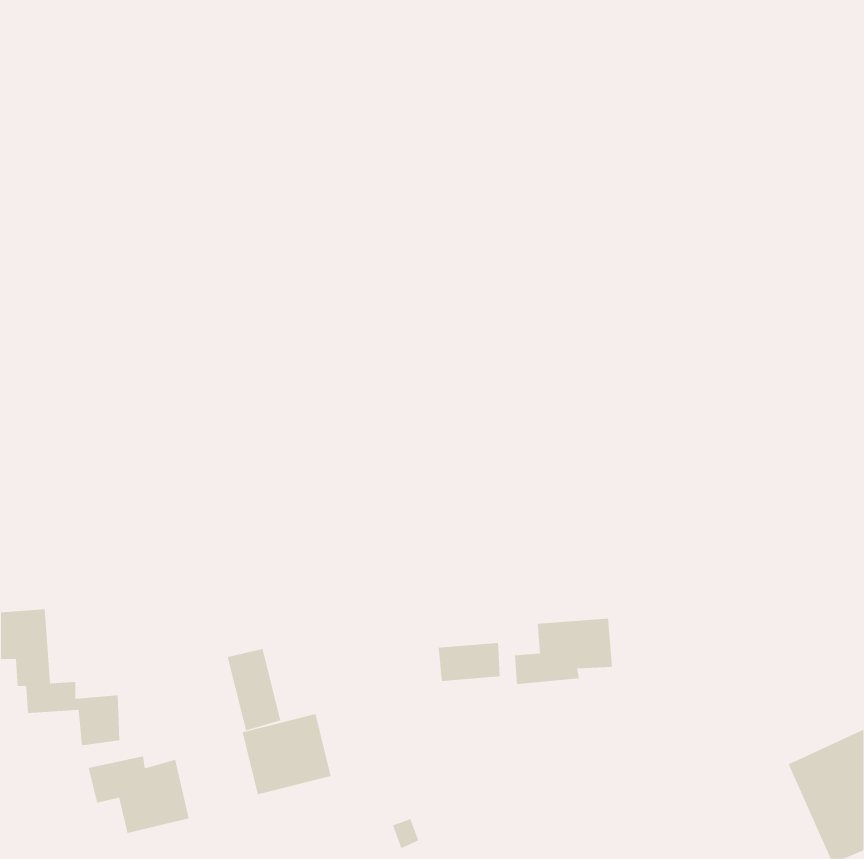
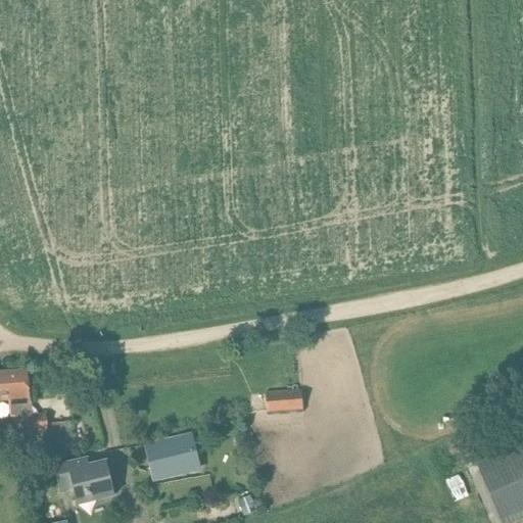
building: [514,618,613,685] -> none
building: [227,648,281,731] -> none

